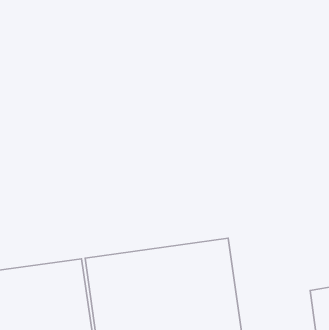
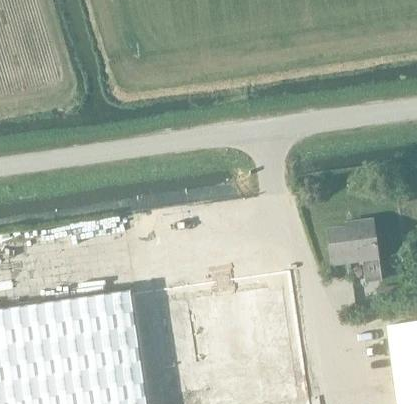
building: none -> [327,221,379,279]

